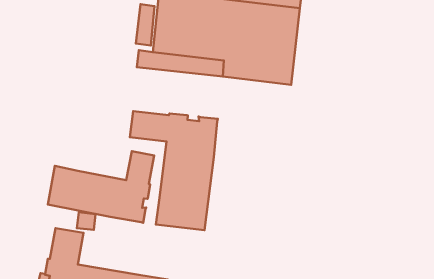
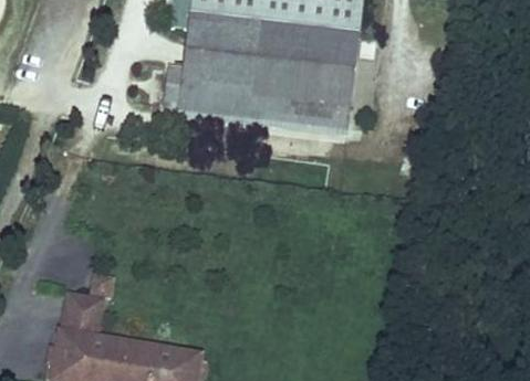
building: [130,111,218,230] -> none
building: [48,151,154,223] -> none

